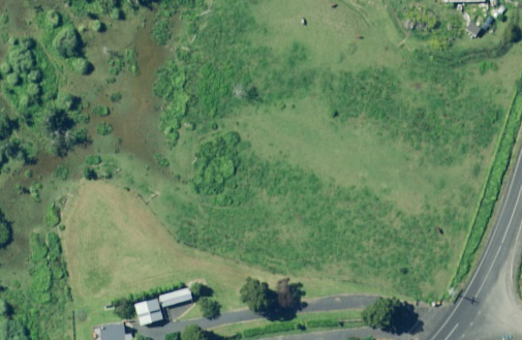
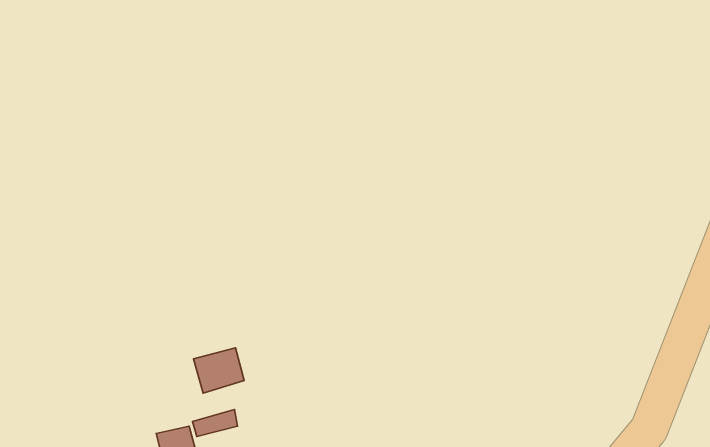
building: none -> [194,348,244,393]

